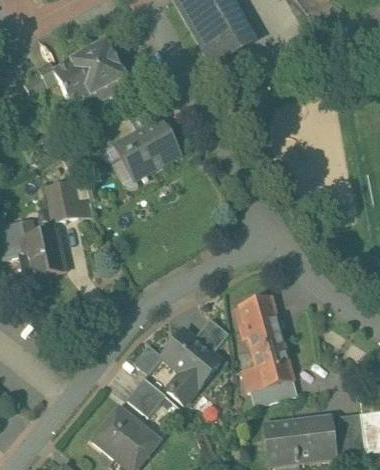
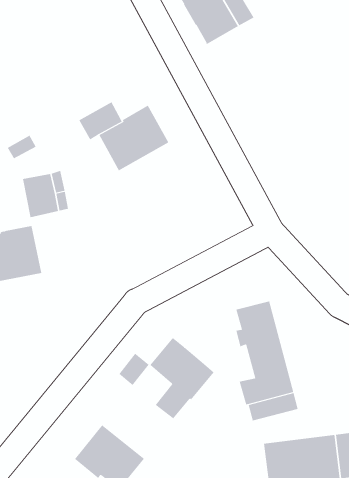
building: [52,39,133,106] -> none
building: [193,316,228,352] -> none
building: [126,375,165,415] -> none

